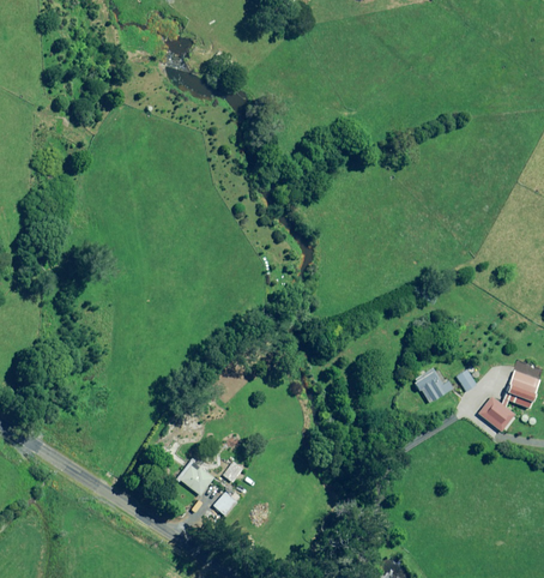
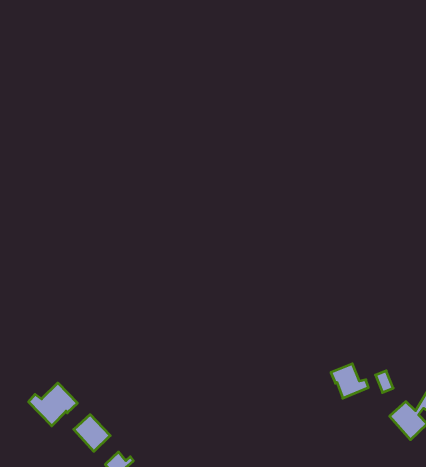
building: none -> [29,383,77,426]

